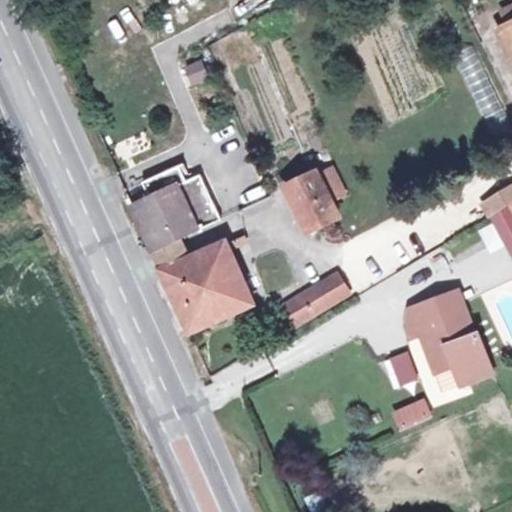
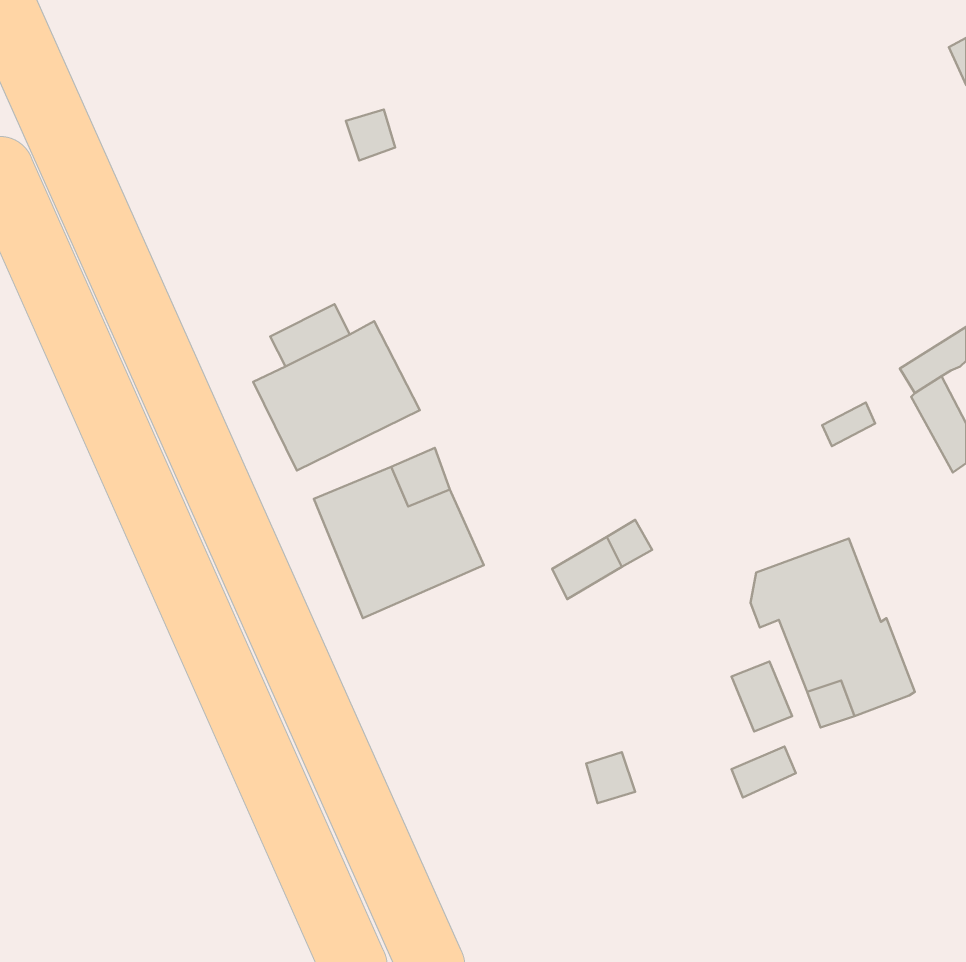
building: [289,167,346,232] -> none

